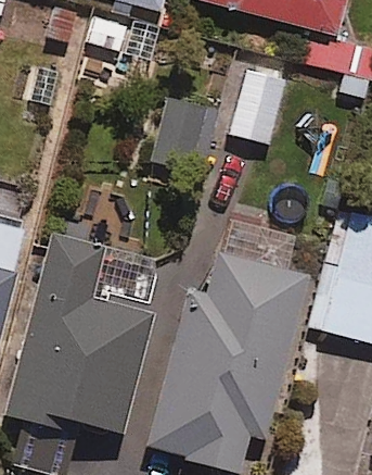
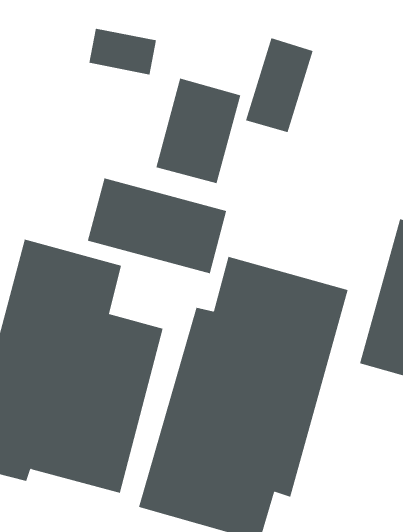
building: none -> [87,177,227,274]

